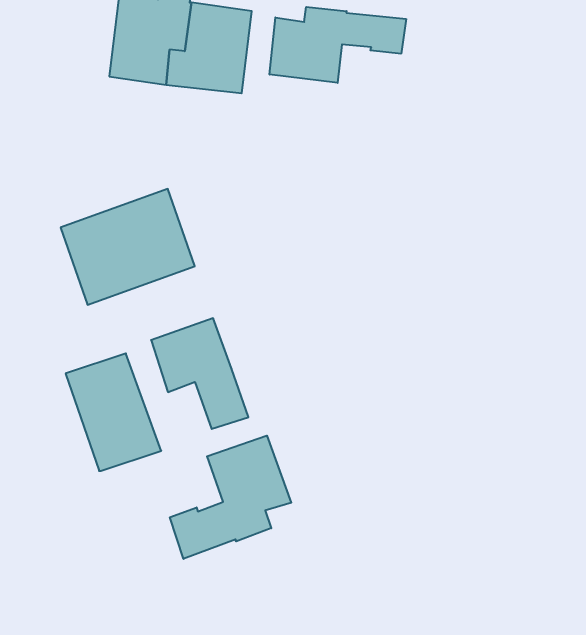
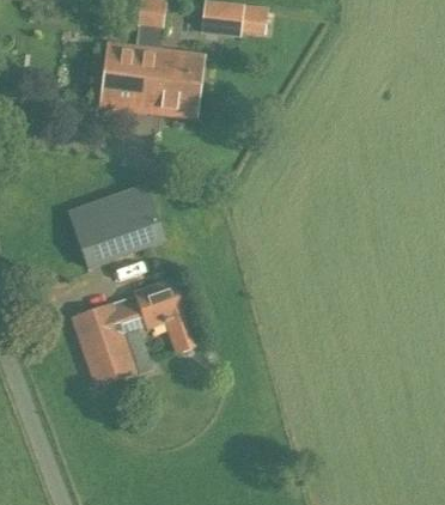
building: [270,7,406,83] -> none
building: [170,436,291,559] -> none

